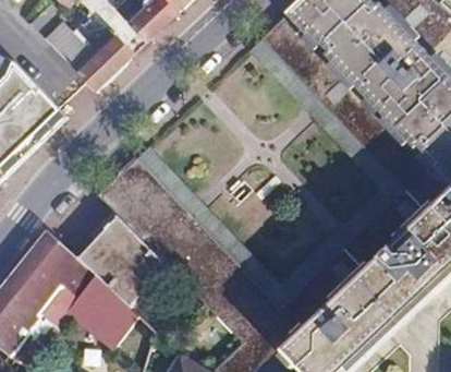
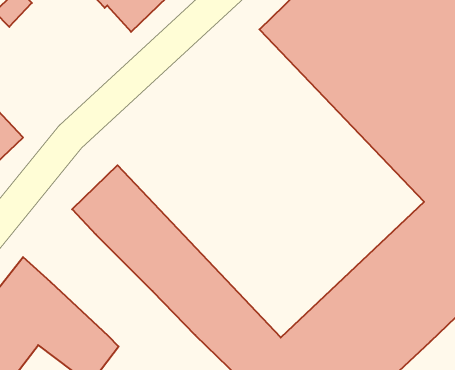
building: [45,21,135,92] -> none
building: [77,216,166,304] -> none

